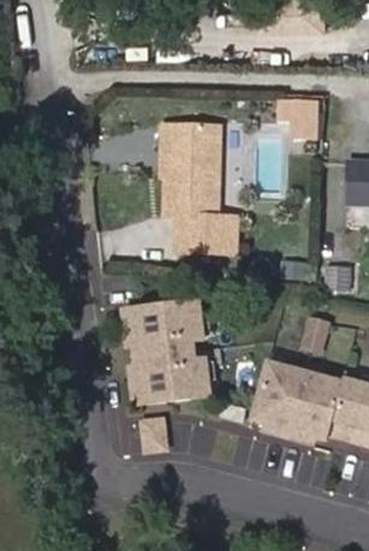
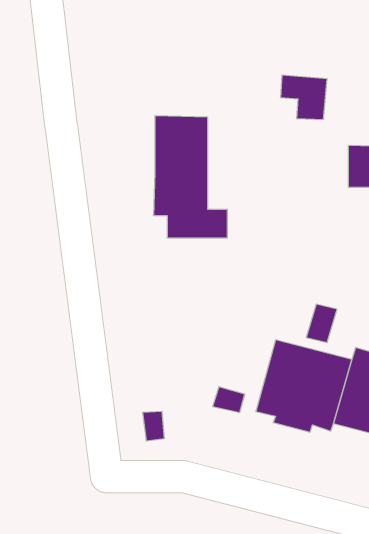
building: [133,310,213,408] -> none

